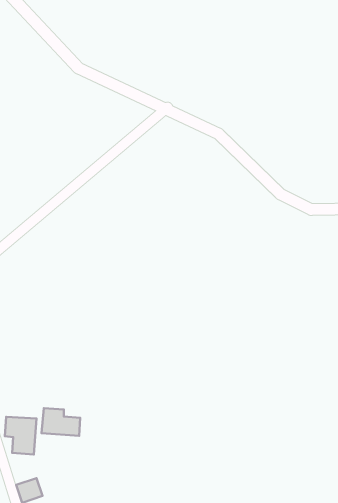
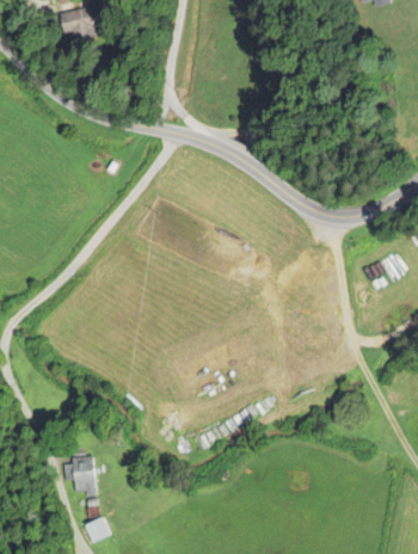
building: [42,408,80,436] -> none

